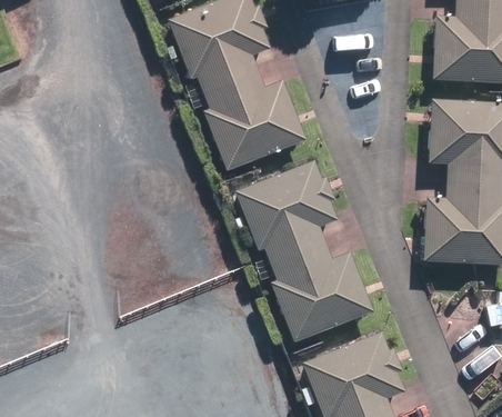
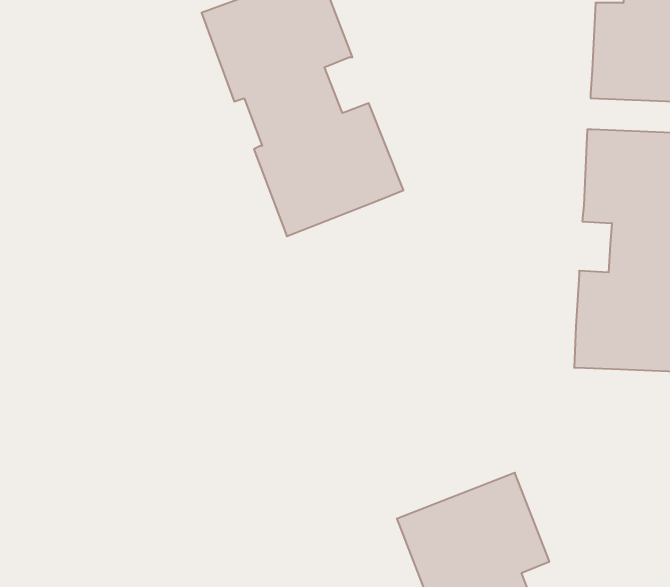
building: [234,163,375,342] -> none

